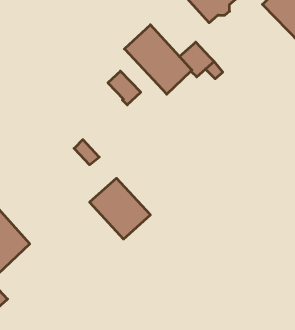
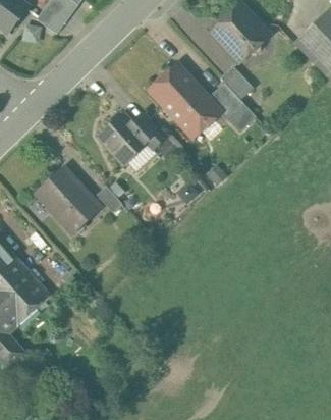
building: none -> [220,65,254,99]
building: none -> [100,114,149,164]
building: [90,178,150,239] -> [37,168,101,232]

